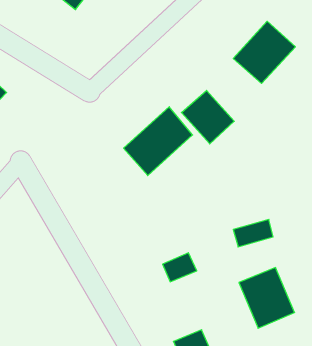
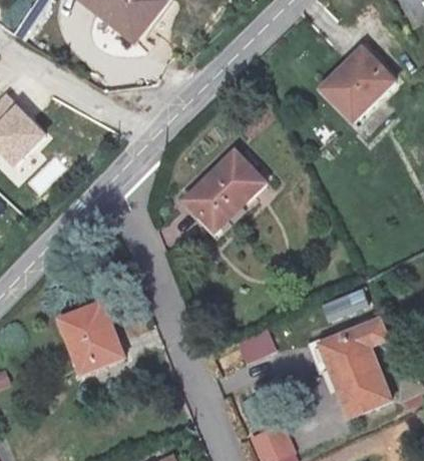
building: [181,90,234,144] -> none
building: none -> [54,299,121,375]
building: none -> [318,317,388,365]

